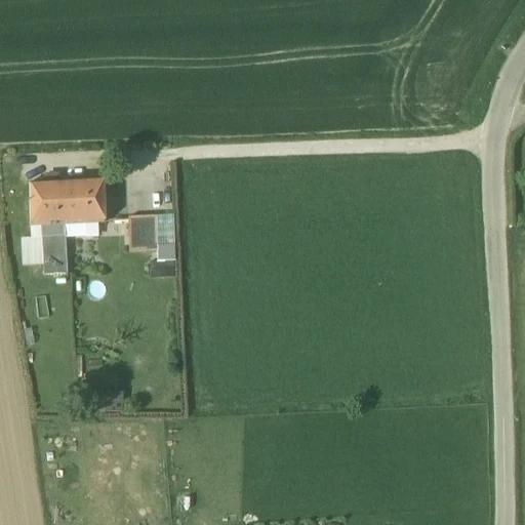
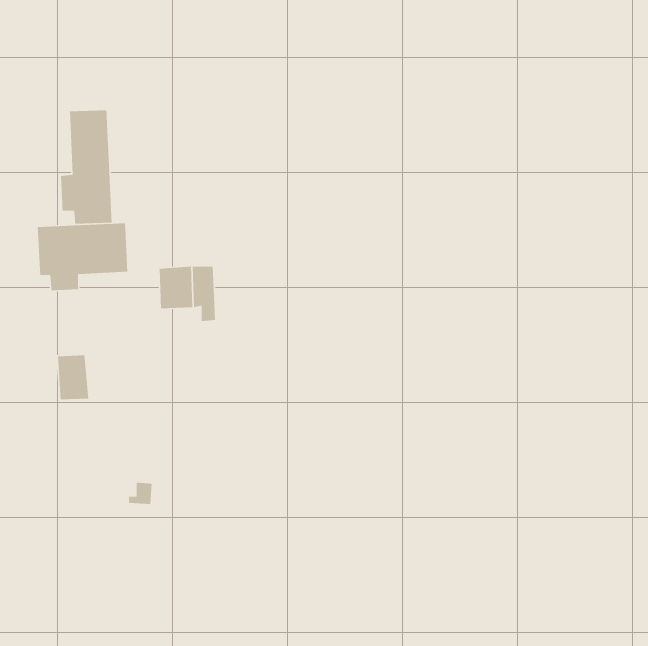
building: none -> [60,110,113,224]
building: [42,234,68,271] -> [57,355,89,400]

